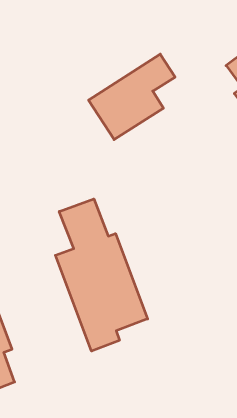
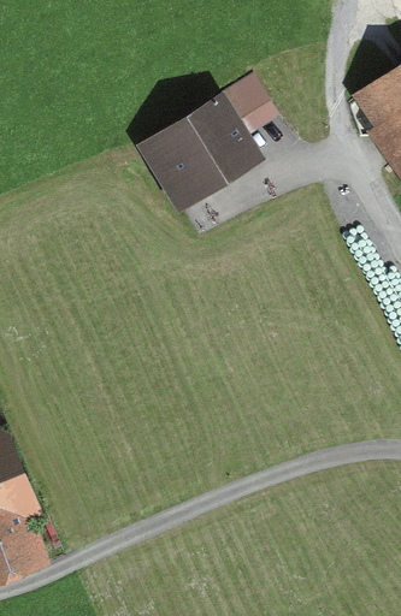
building: [55,199,148,351] -> none

